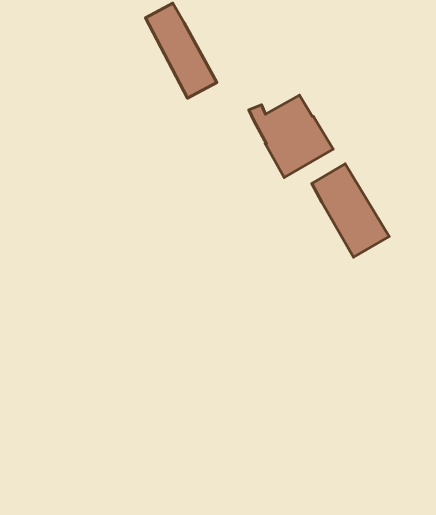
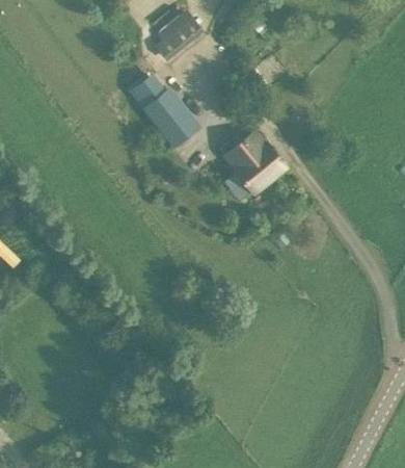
building: [312,164,389,257] -> none

